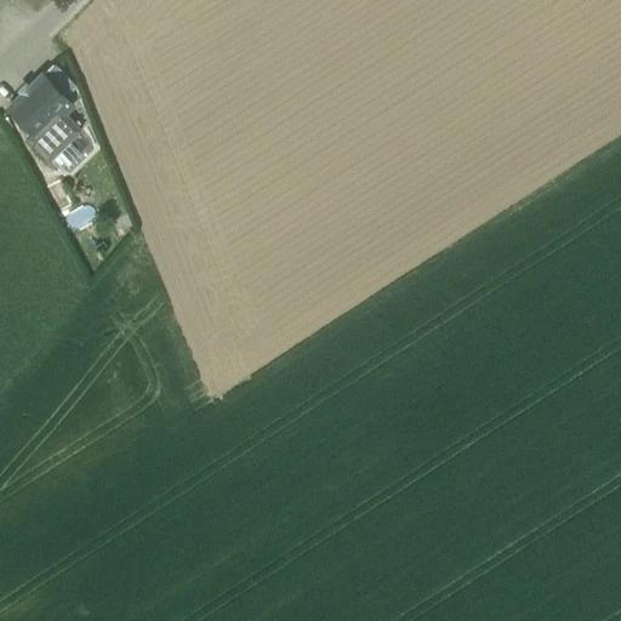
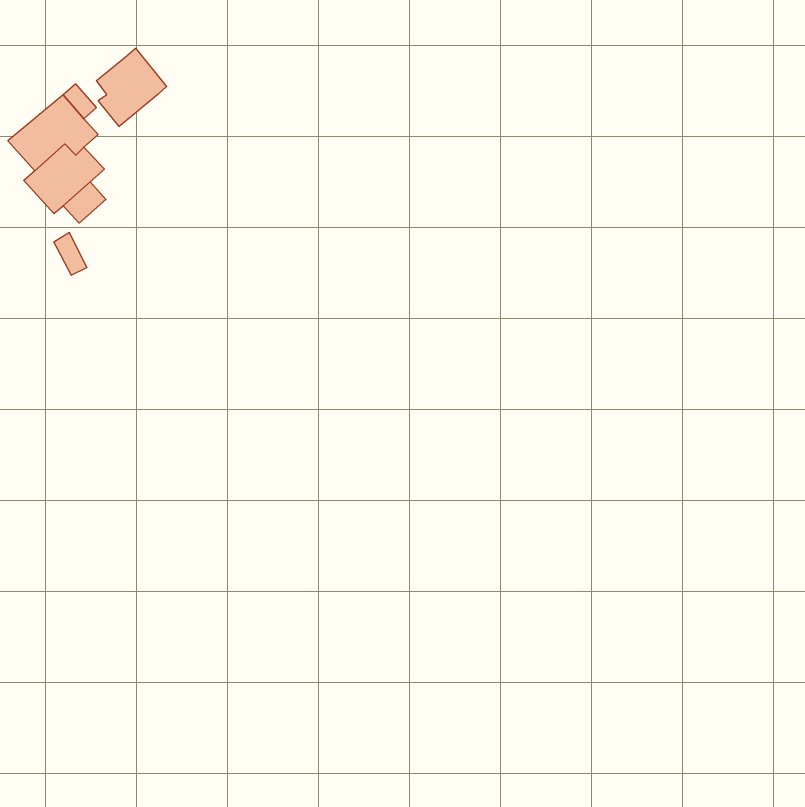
building: none -> [96,48,167,127]

